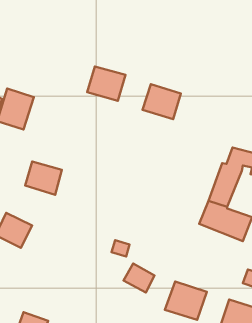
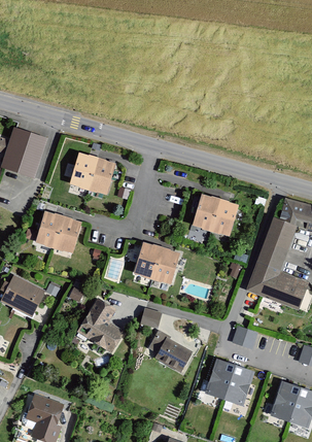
building: [87,66,126,101] -> [70,150,116,192]
building: [142,84,181,119] -> [192,195,238,237]
building: none -> [135,243,179,284]
building: none -> [76,299,123,352]
building: none -> [232,324,257,347]

